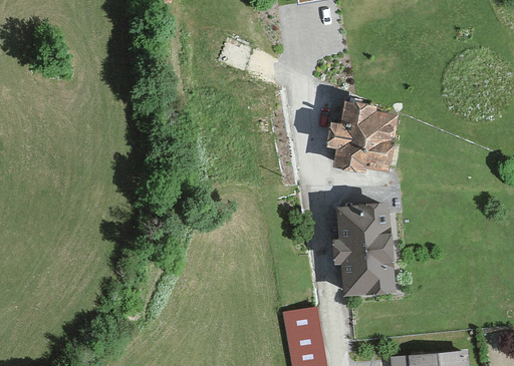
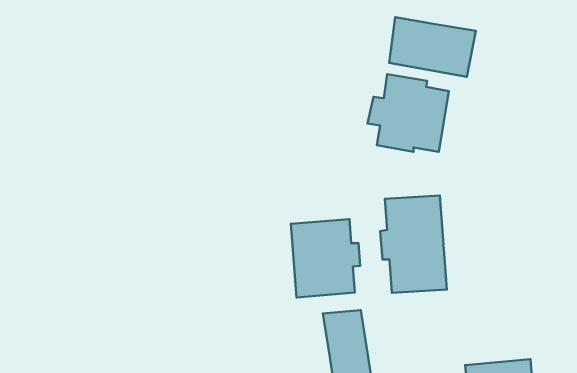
building: none -> [389,17,476,77]
building: none -> [291,219,360,297]

